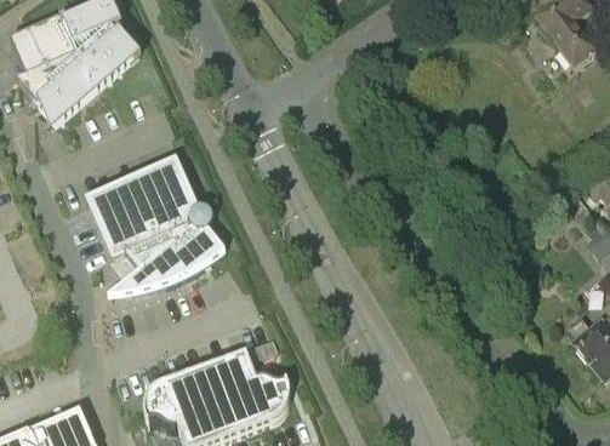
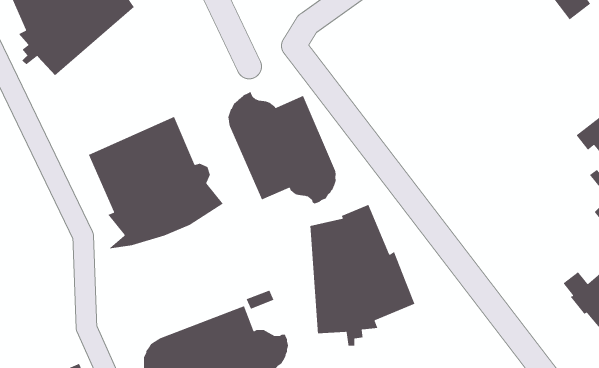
building: none -> [228,91,337,205]
building: none -> [309,204,416,346]

